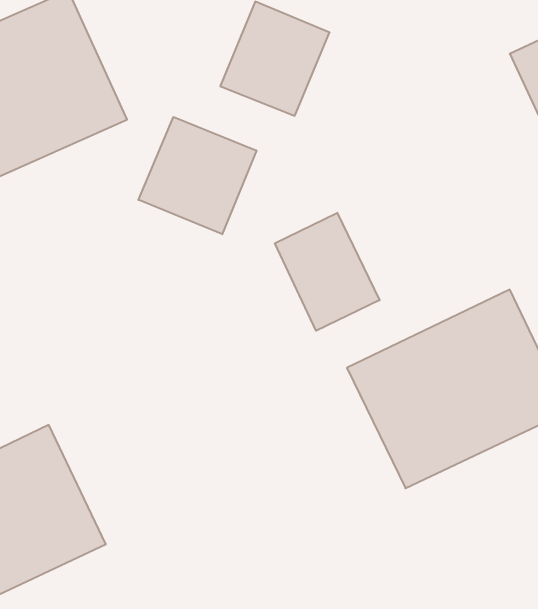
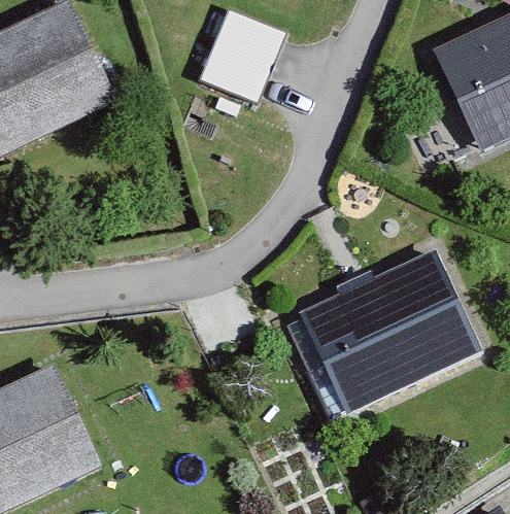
building: [138,117,256,234] -> none
building: [275,213,380,331] -> none

